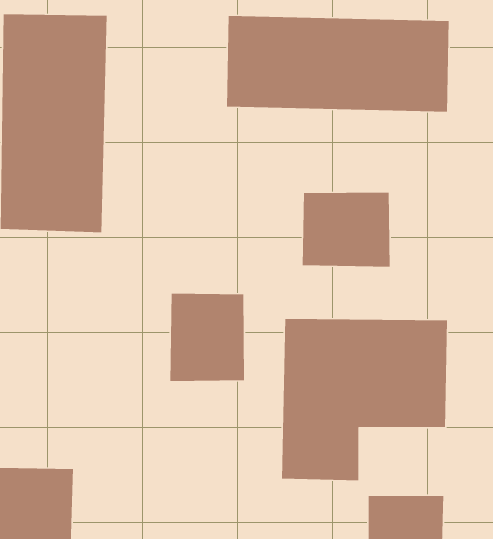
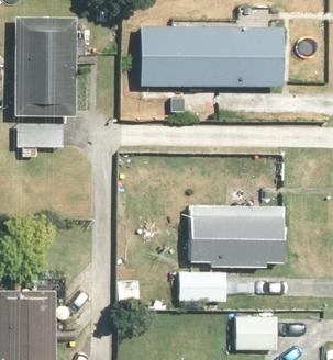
building: [302,192,390,267] -> none
building: [169,293,245,382] -> none

